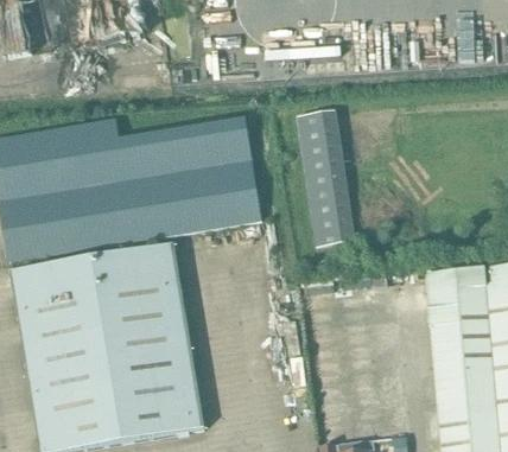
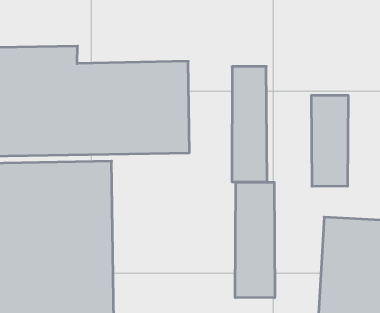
building: none -> [312,95,348,186]
building: none -> [235,182,275,298]

